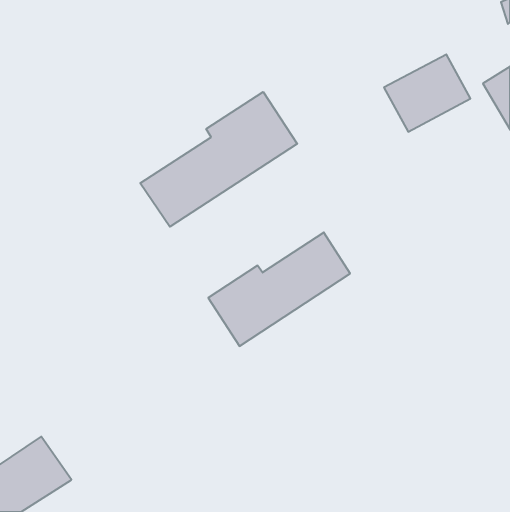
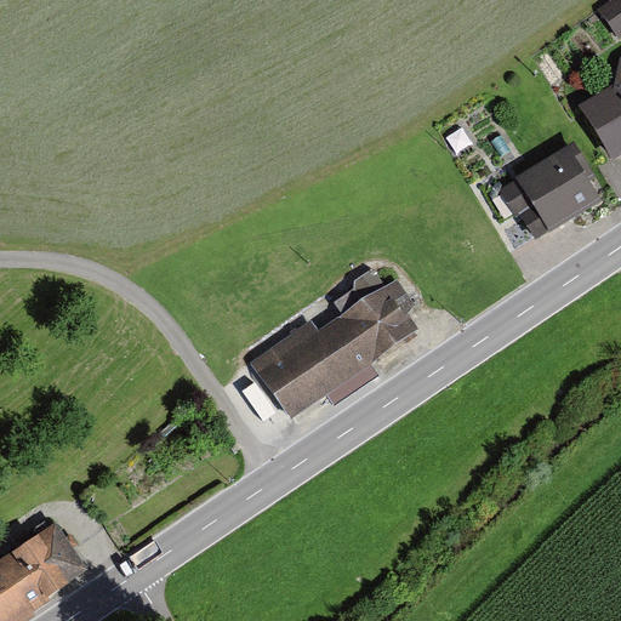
building: [384,54,470,132] -> [501,143,605,237]
building: [140,92,297,227] -> none

